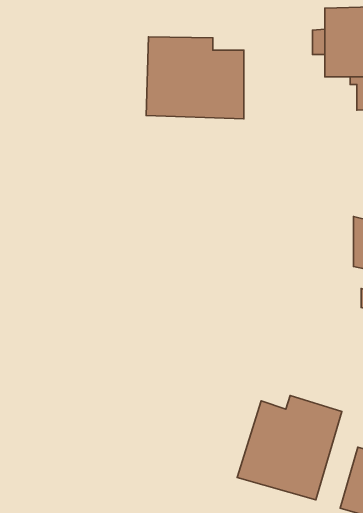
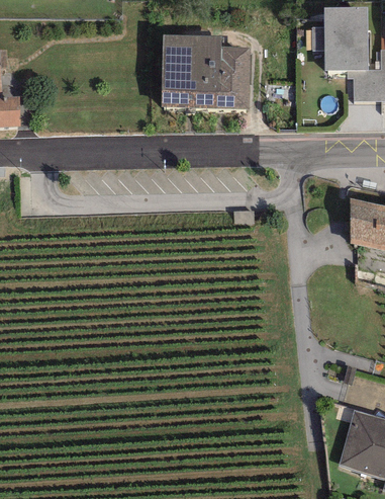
building: [237,396,342,500] -> none

